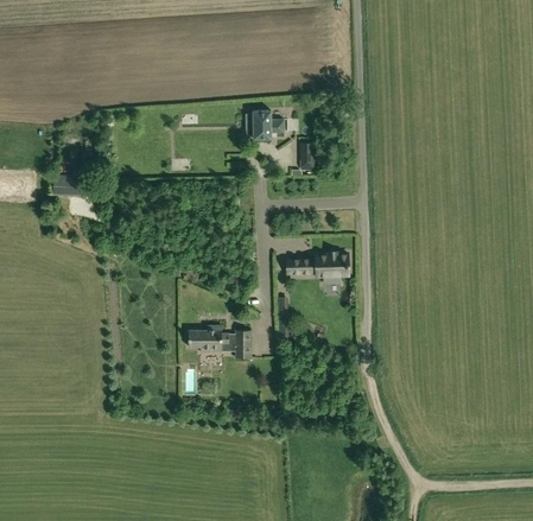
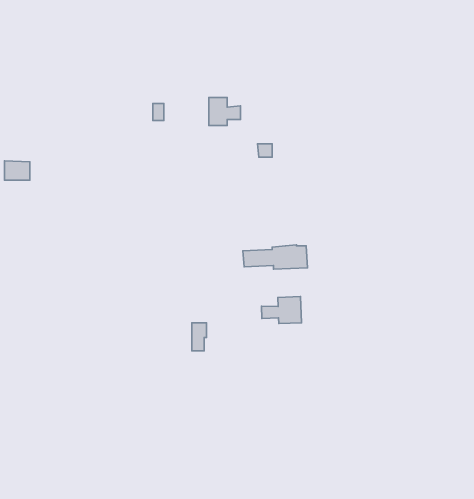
building: none -> [261,297,301,324]
building: [186,325,227,351] -> none

